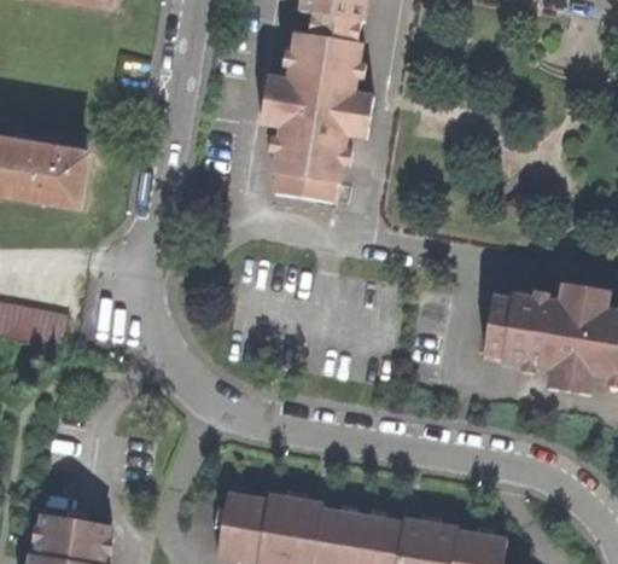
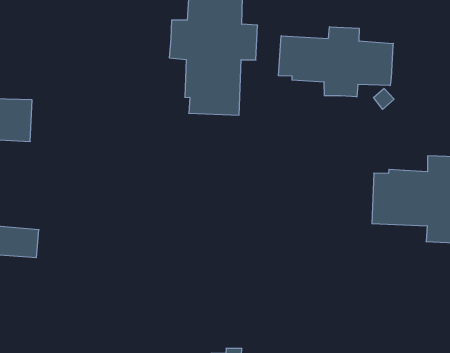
building: none -> [279,27,393,97]

